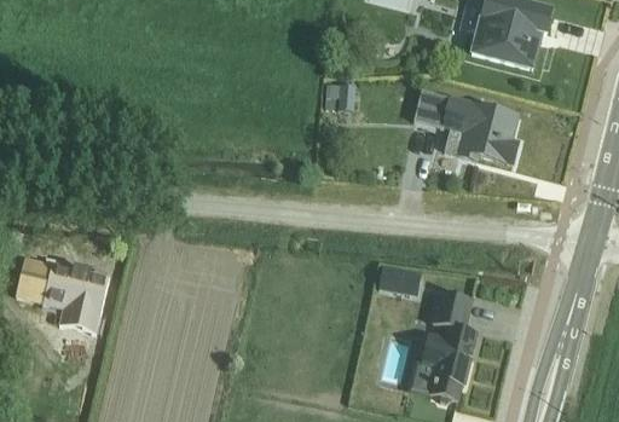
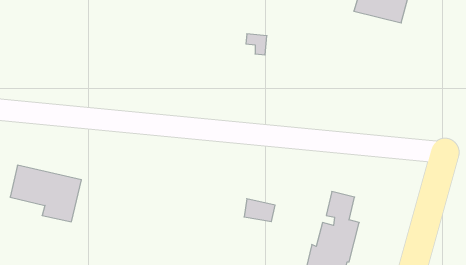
building: [413,88,517,162] -> none
building: [378,265,420,295] -> [244,199,275,222]

